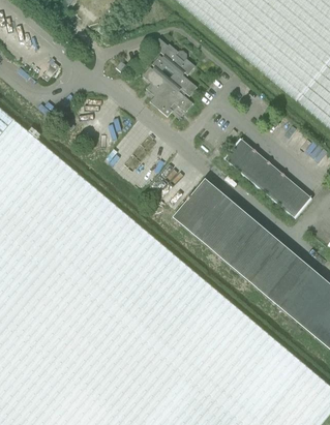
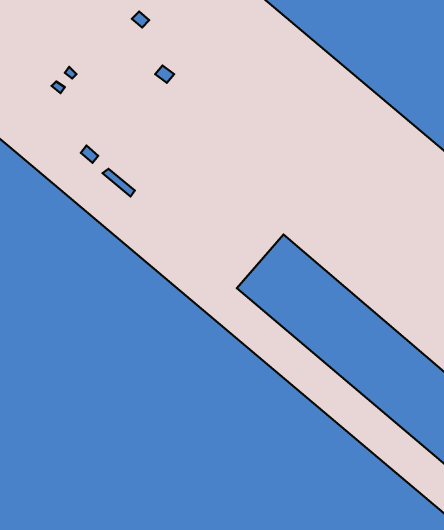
building: [148,40,202,119] -> none
building: [230,143,318,222] -> none

